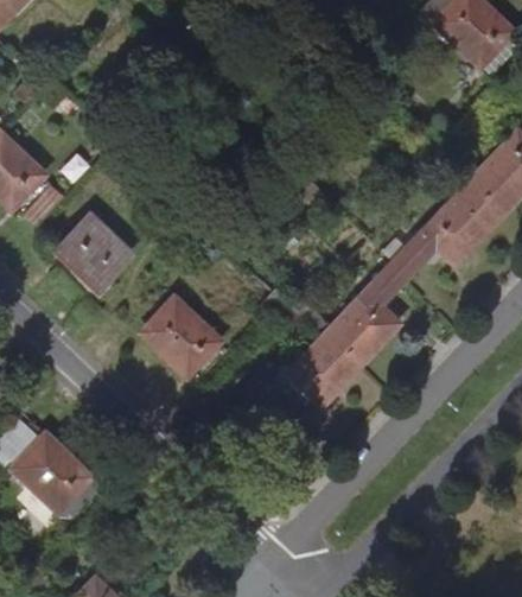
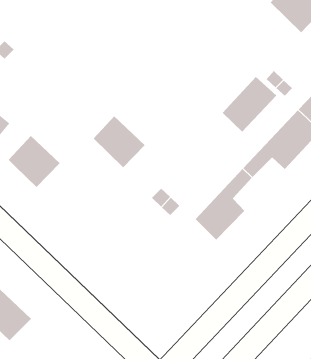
building: none -> [222,76,277,132]
building: [144,298,219,374] -> [93,115,145,168]
building: [289,334,357,402] -> none

